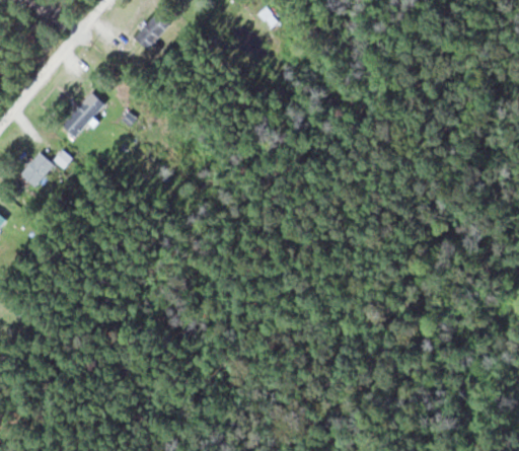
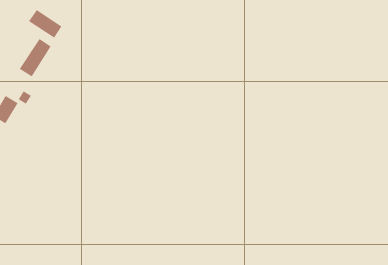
building: none -> [28,9,62,38]

